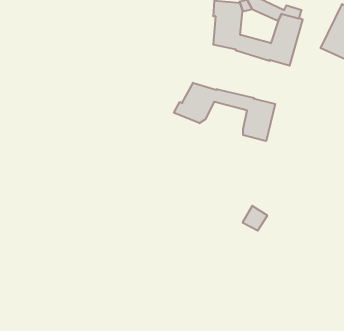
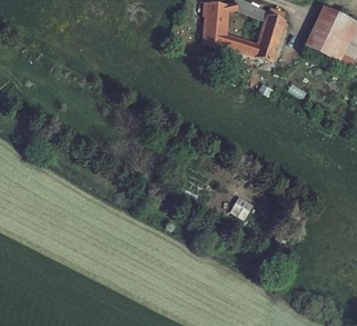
building: [174,83,275,141] -> none

